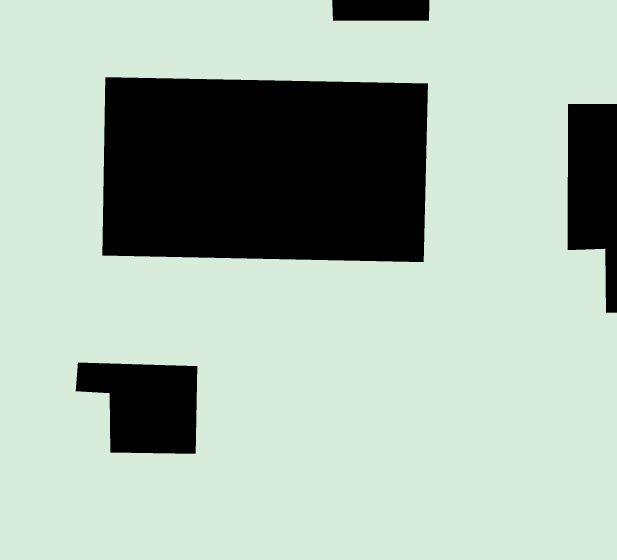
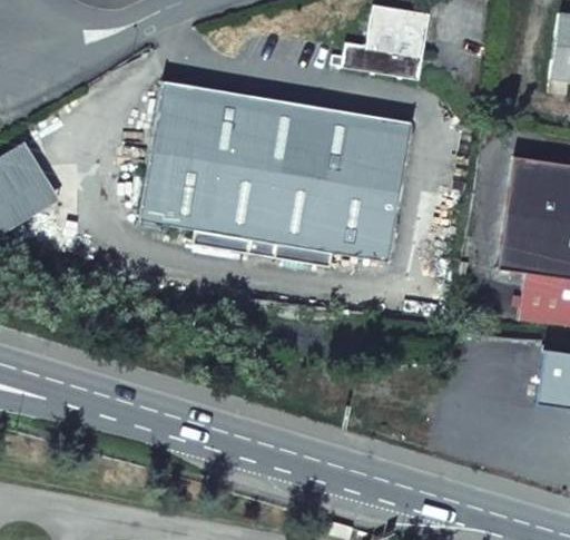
building: [75,362,198,454] -> none

